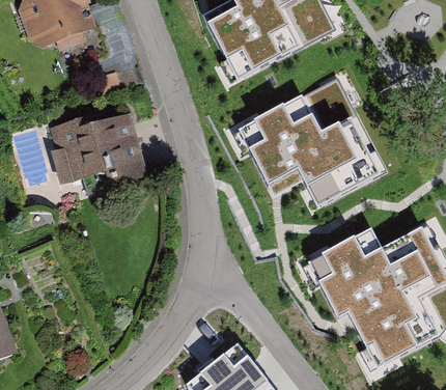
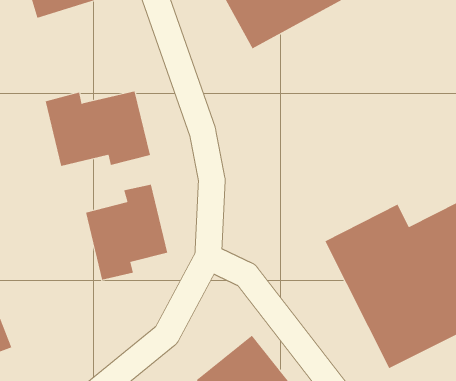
building: [238,75,387,205] -> none
building: none -> [86,184,168,280]

